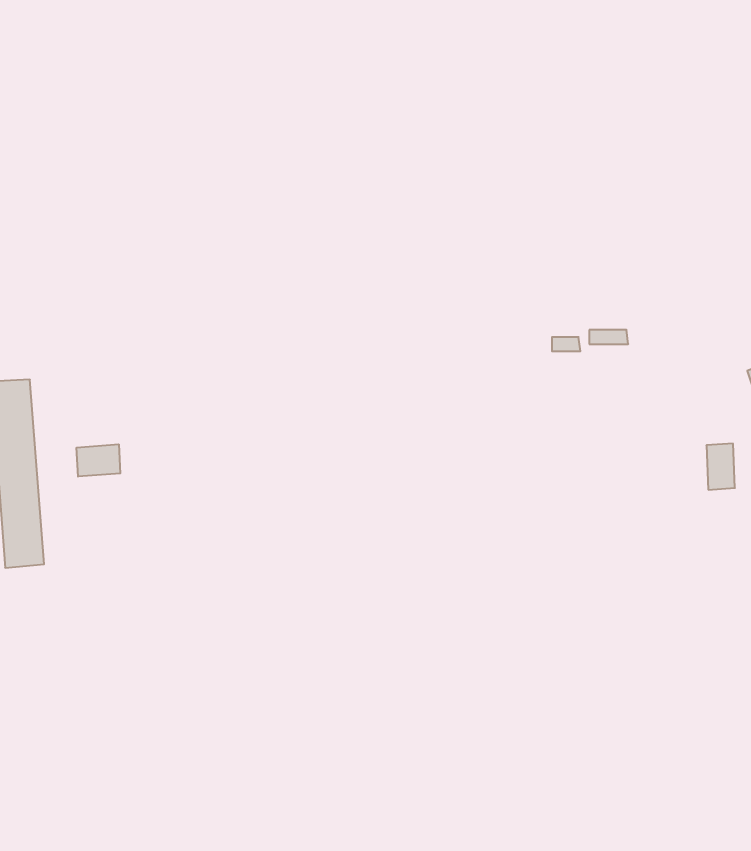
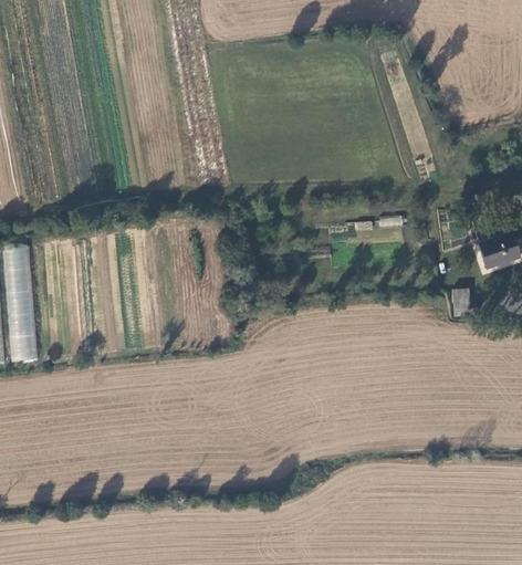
building: [77,444,120,477] -> none

